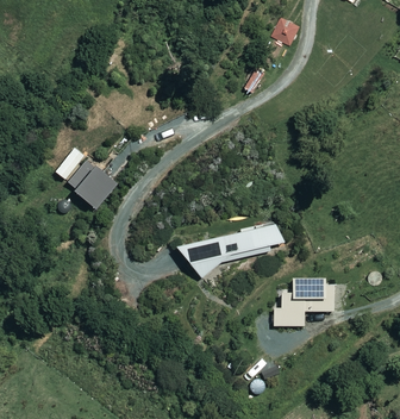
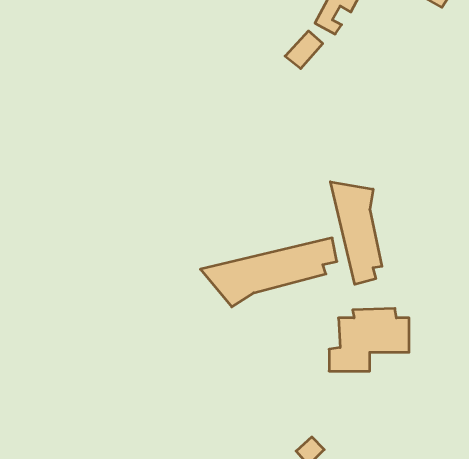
building: [65,160,114,207] -> none
building: none -> [330,182,382,284]

